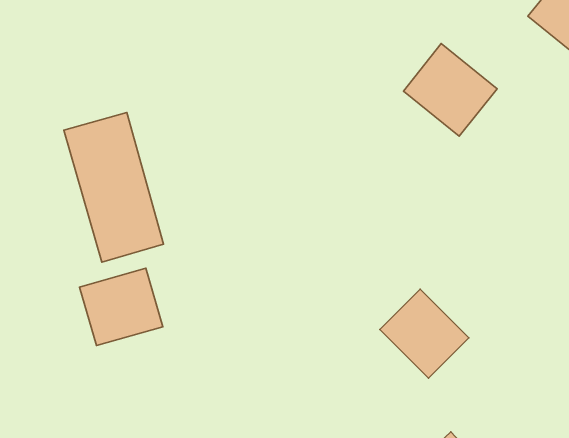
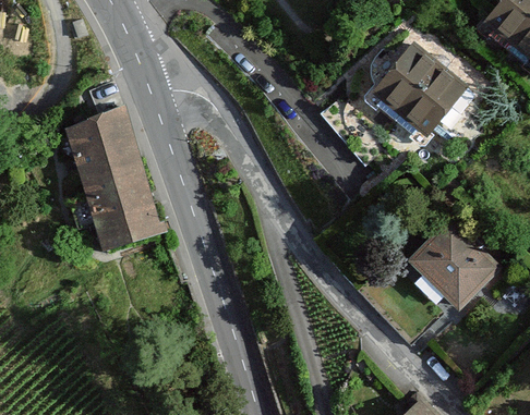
building: [80,268,163,346] -> none
building: [380,289,469,378] -> [417,223,498,305]

